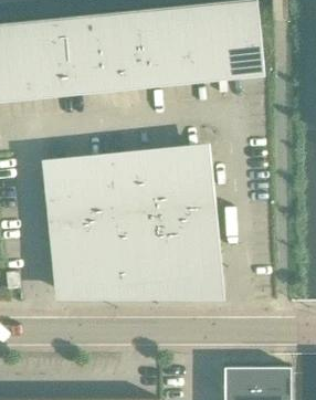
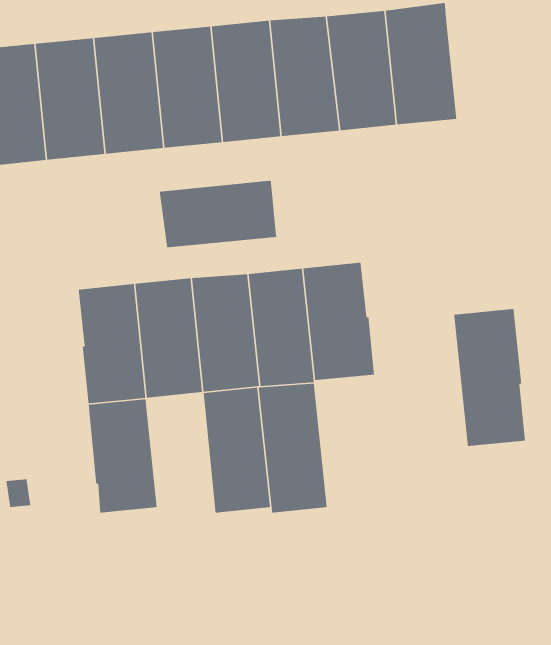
building: none -> [159,180,277,248]
building: [180,215,221,294] -> [454,308,526,447]
building: [85,225,124,294] -> none

